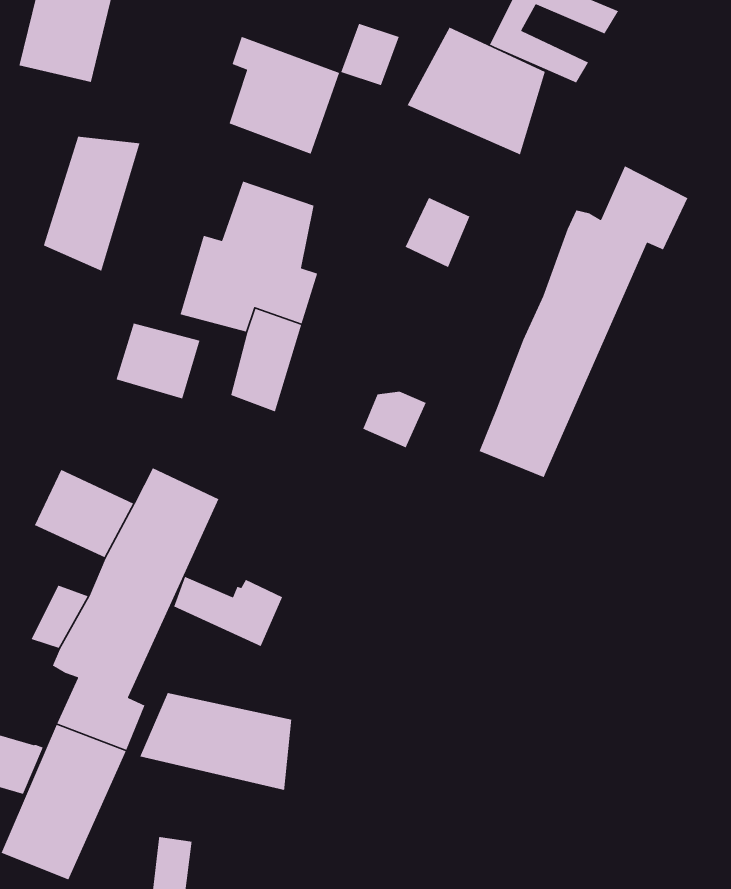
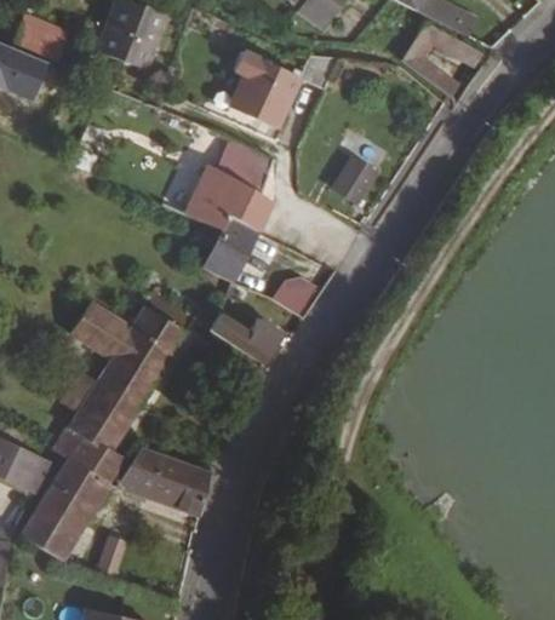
building: [406,27,546,155] -> none
building: [43,136,140,272] -> none
building: [479,165,689,478] -> none
building: [116,323,201,400] -> none
building: [173,576,283,647] -> [211,314,280,364]

